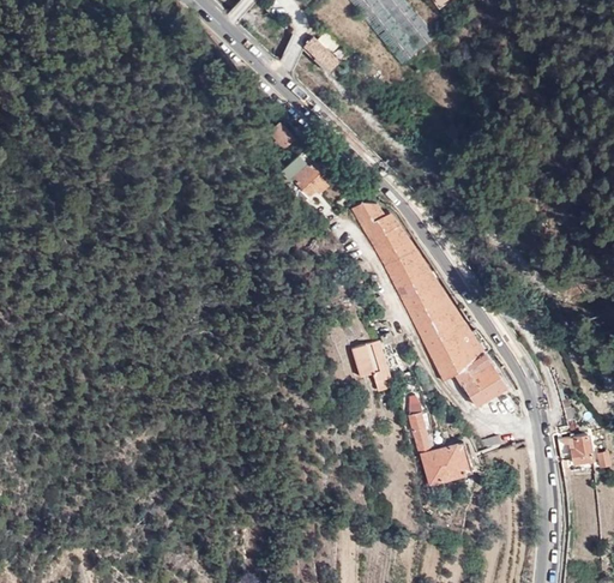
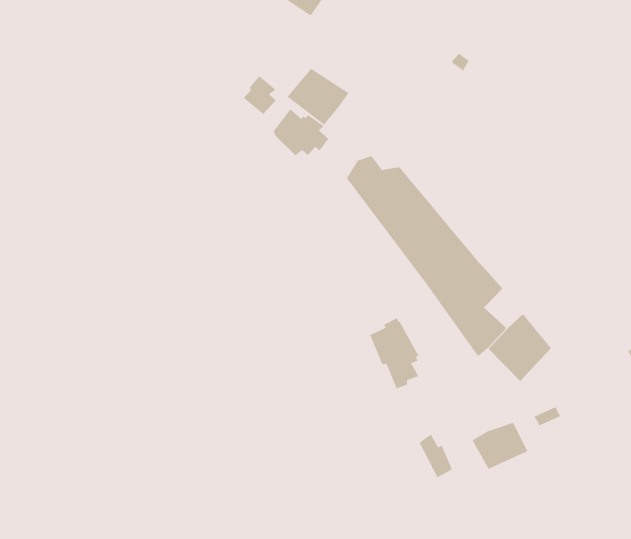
building: none -> [286,68,349,125]
building: [450,330,484,365] -> none
building: [410,417,437,457] -> [418,434,453,479]

